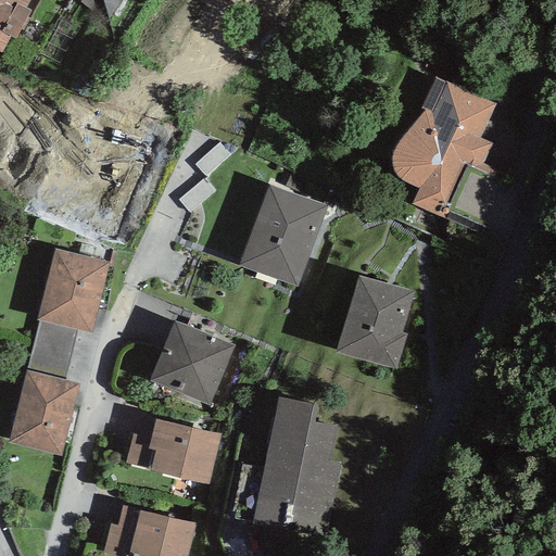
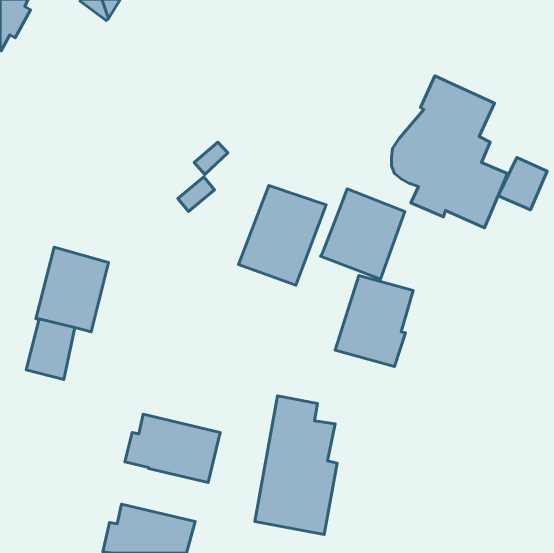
building: none -> [498,158,547,210]
building: none -> [320,189,405,279]
building: [149,320,233,405] -> none
building: [7,370,78,455] -> none

